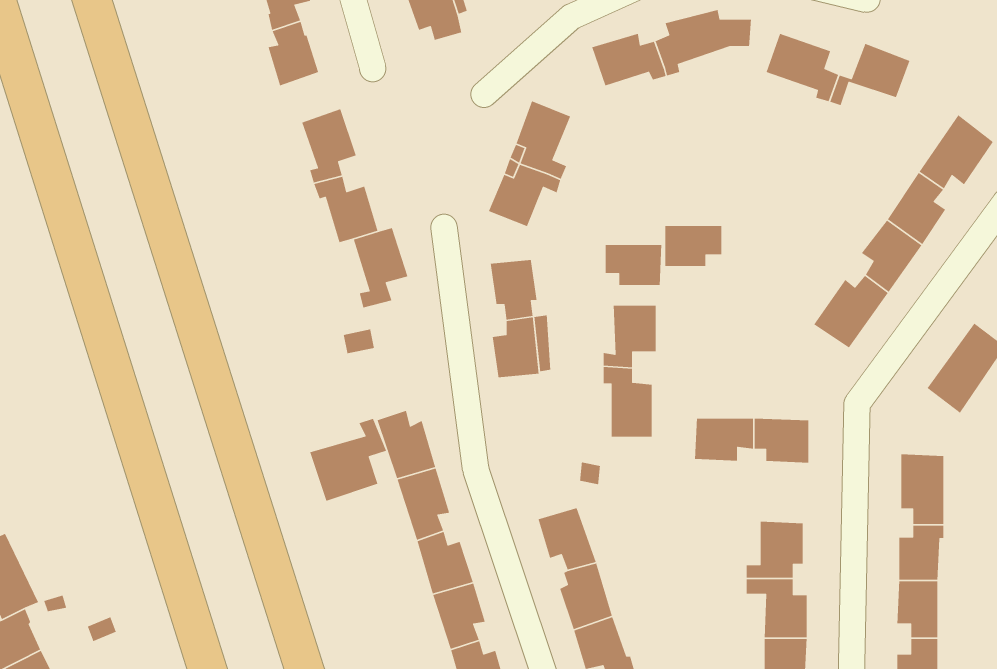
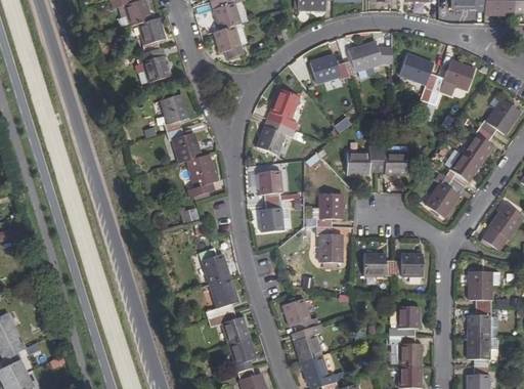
building: [605,244,662,286] -> [377,154,406,175]
building: [309,418,387,502] -> none

